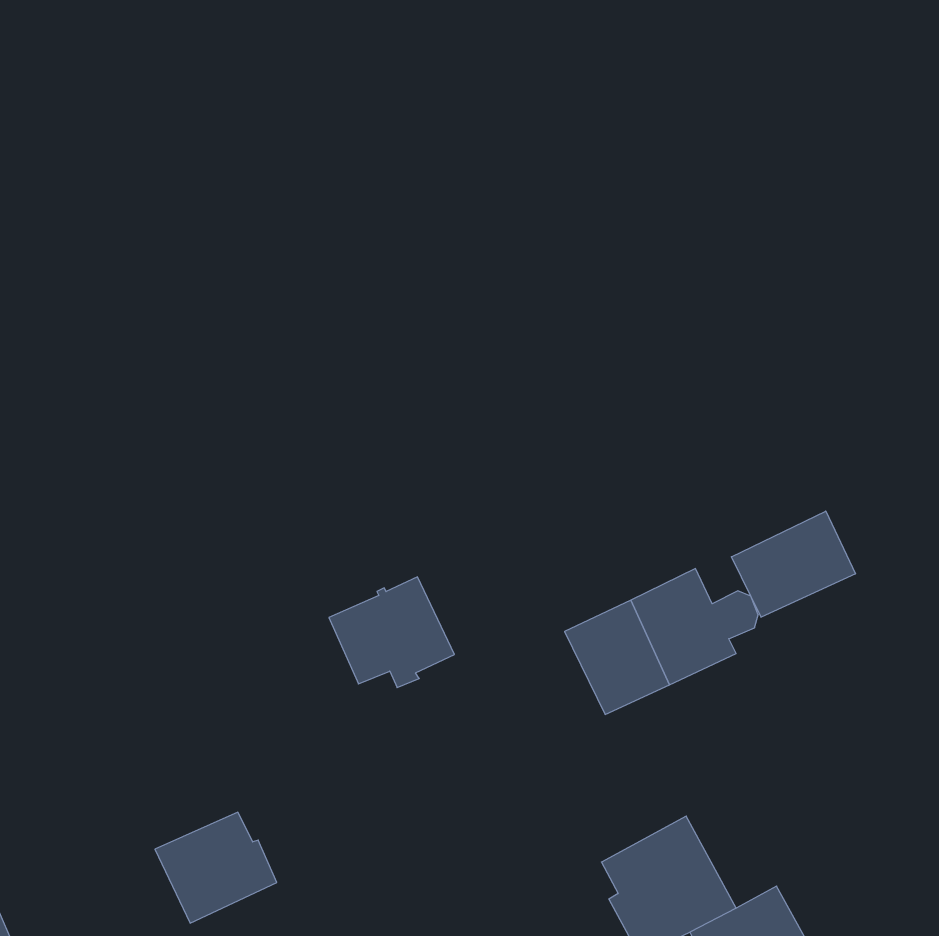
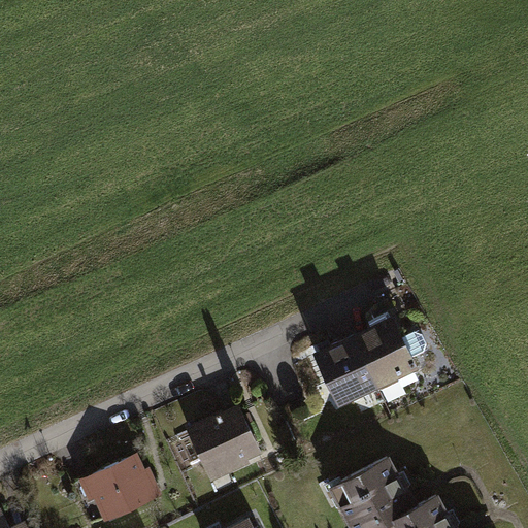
building: [731,511,855,617] -> none
building: [329,577,454,688] -> [188,409,258,471]

